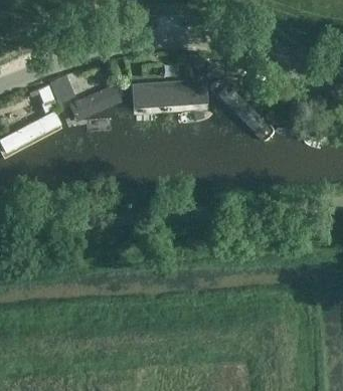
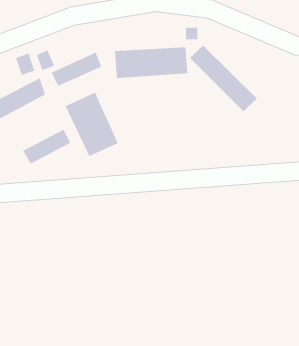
building: none -> [65,92,119,157]
building: none -> [23,129,71,165]

